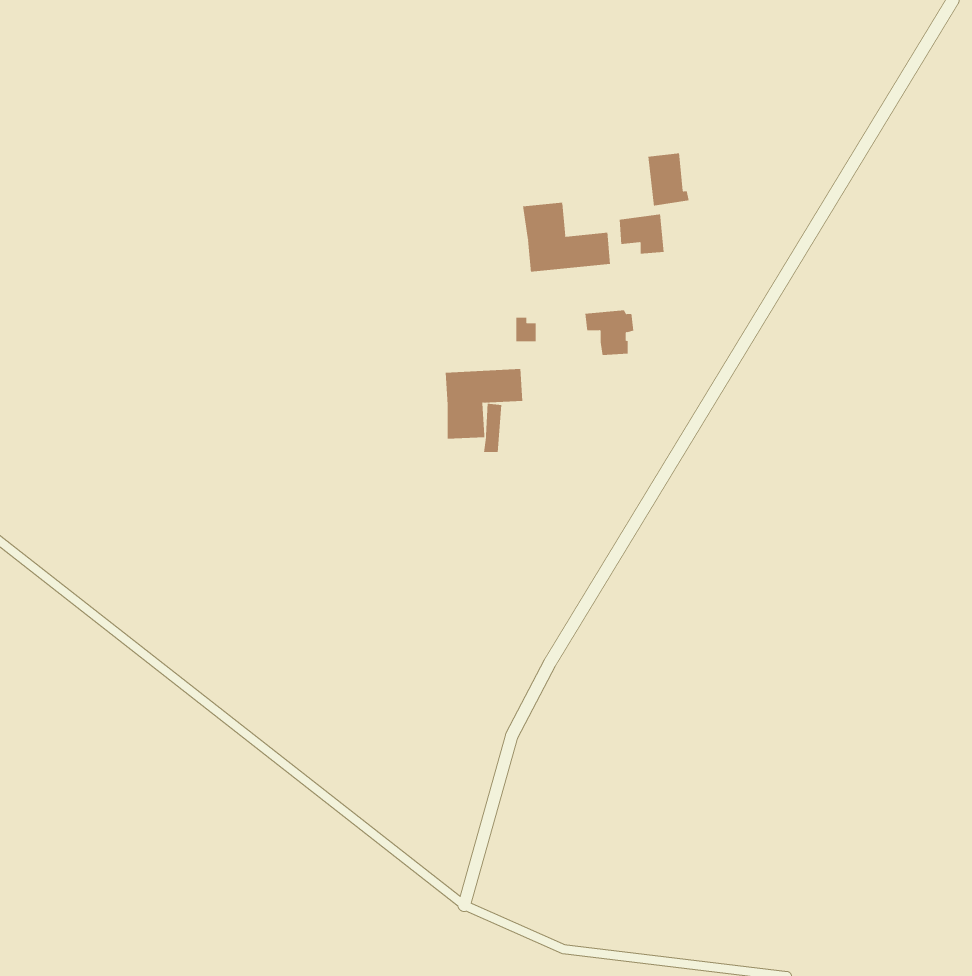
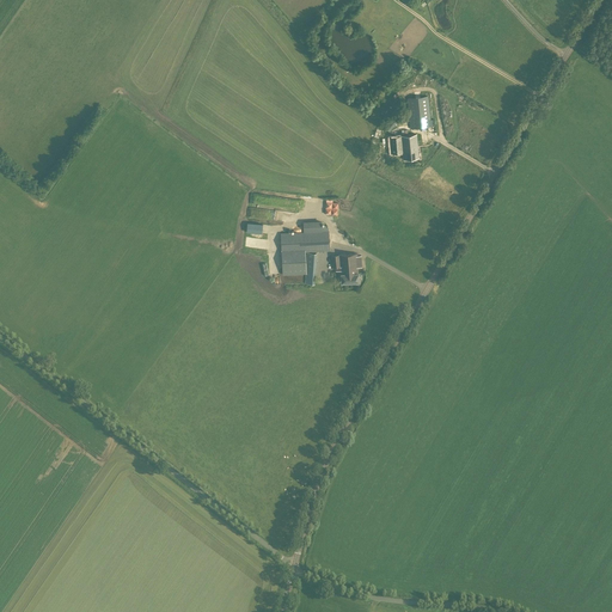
building: [522,202,611,272] -> none
building: [585,310,634,356] -> [329,253,360,282]

